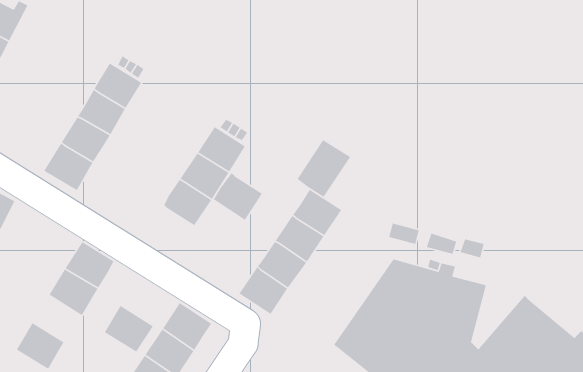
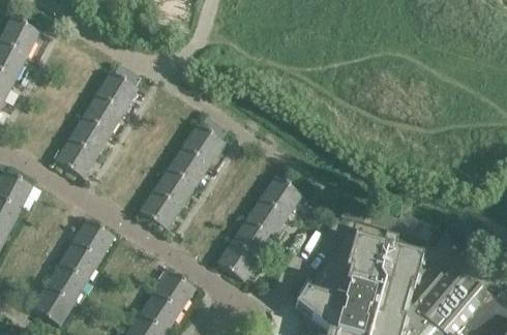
building: [296,139,351,198] -> none
building: [213,172,263,221] -> [140,189,181,230]
building: [104,305,154,352] -> [47,264,88,303]

